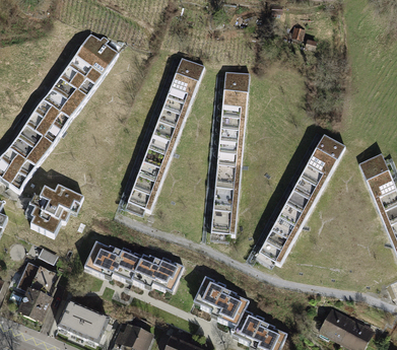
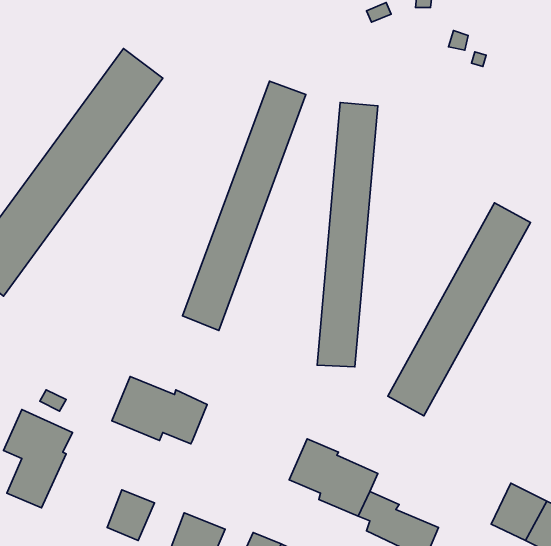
building: [22,188,82,237] -> none
building: [134,255,183,290] -> none
building: [60,301,90,334] -> none

